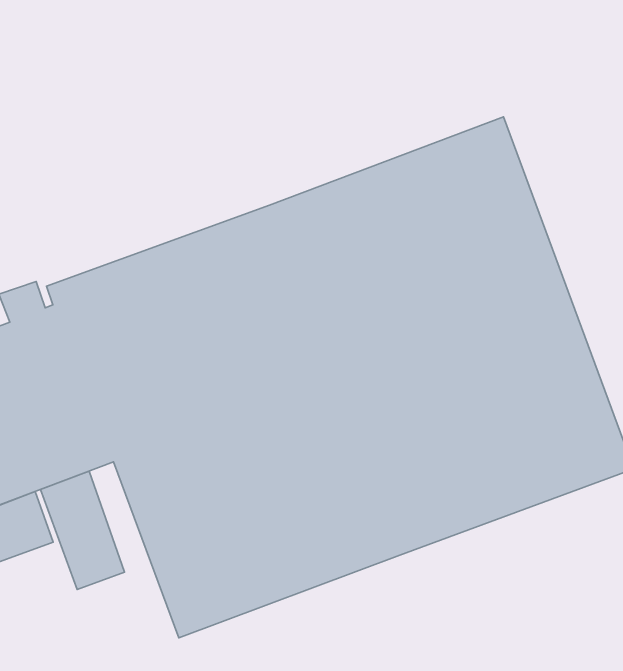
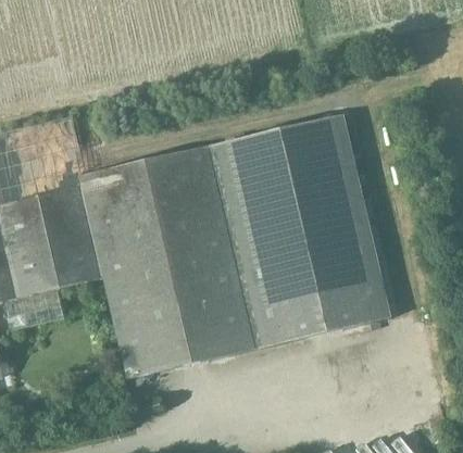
building: [41,471,124,589] -> none

